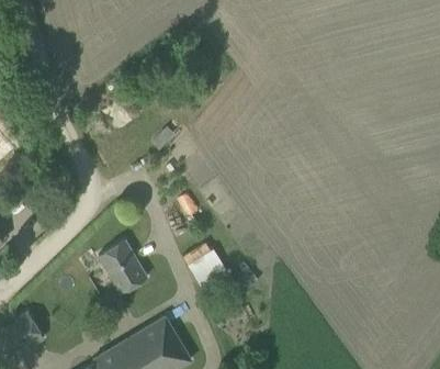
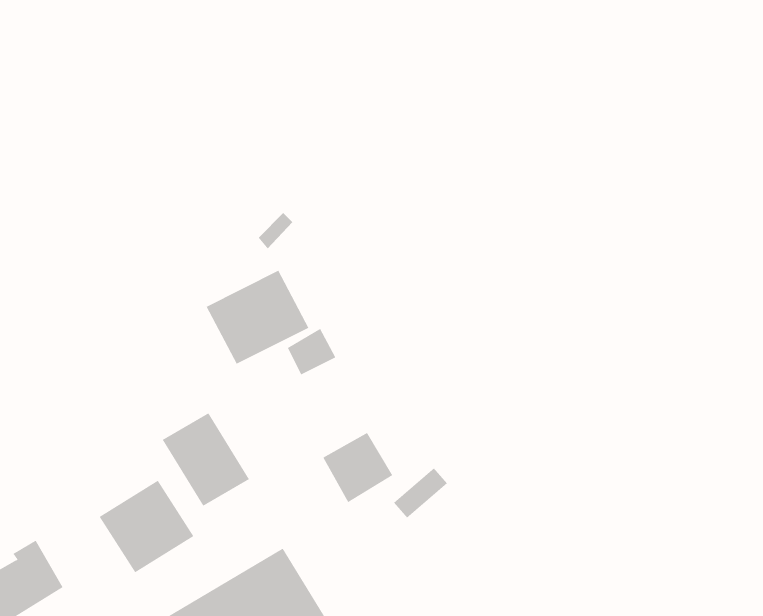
building: none -> [206,270,309,365]
building: none -> [99,480,194,573]

